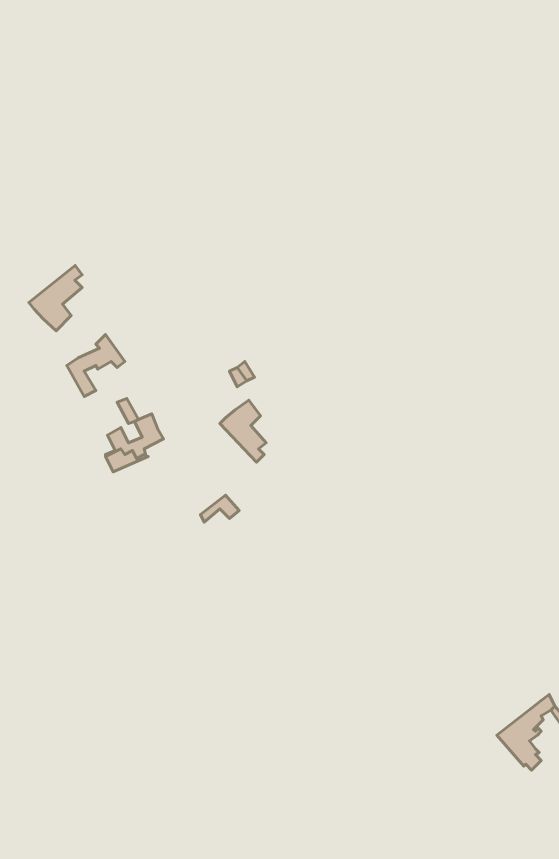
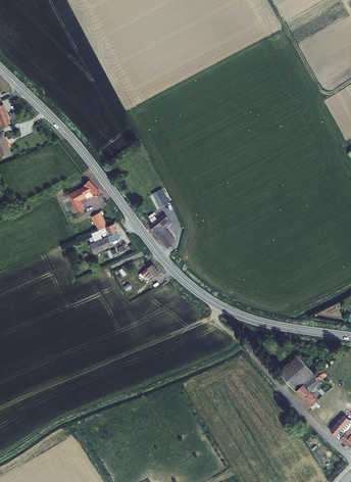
building: [29,265,82,331] -> none
building: none -> [279,357,314,392]

